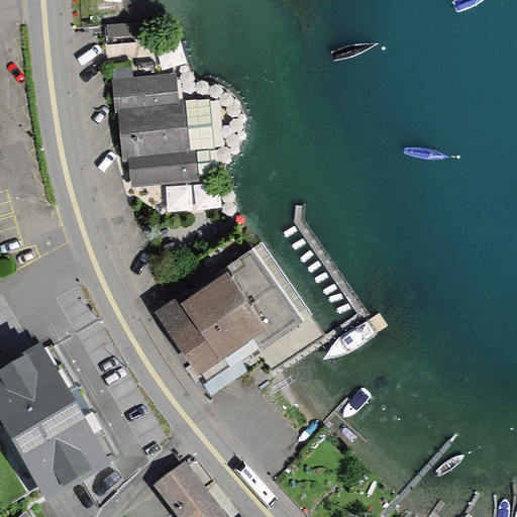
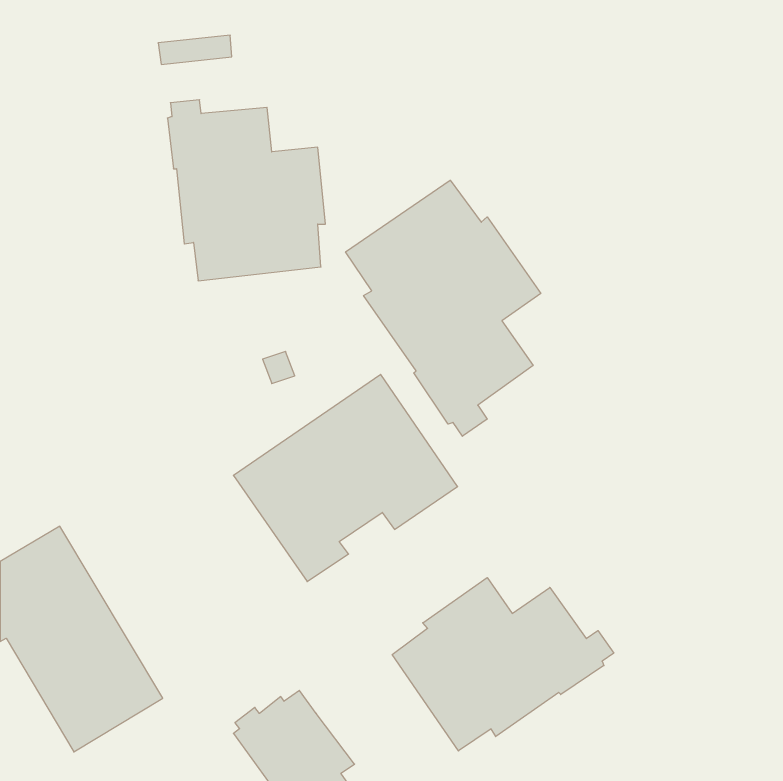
building: none -> [346,180,541,436]
building: none -> [392,578,614,751]

